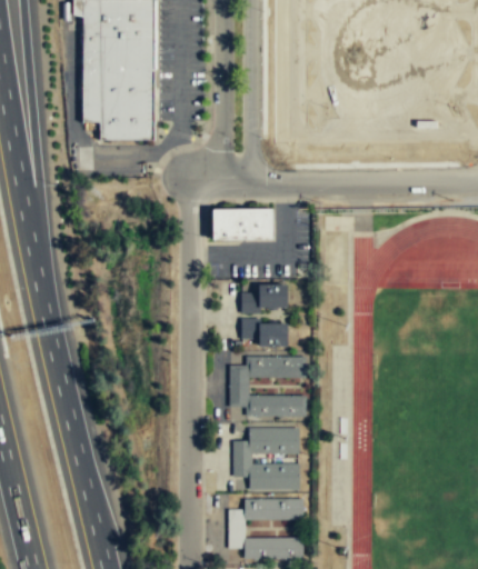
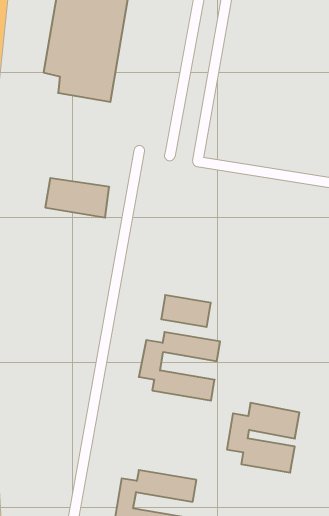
building: [212,206,273,237] -> [45,178,109,218]
building: [240,283,286,310] -> none
building: [232,427,299,489] -> [227,403,299,473]

